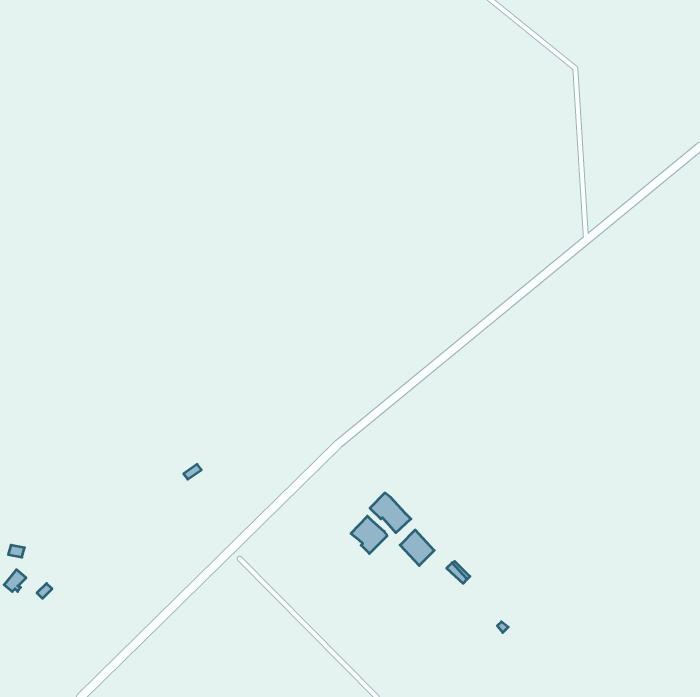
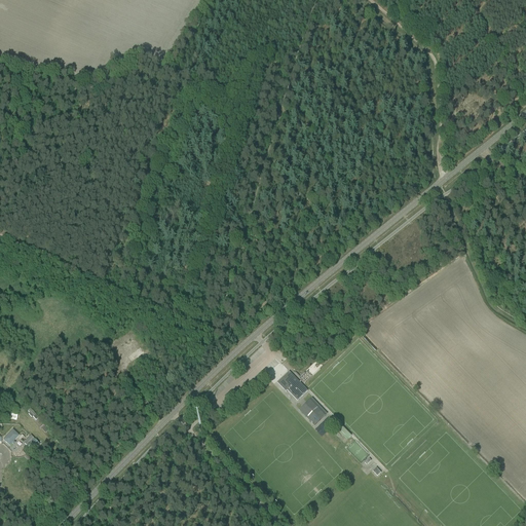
building: [351,516,387,554] -> none

